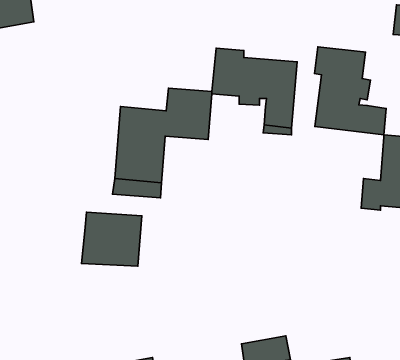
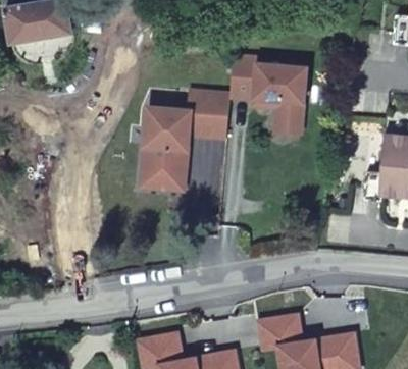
building: [315,47,386,135] -> none
building: [82,212,142,266] -> none

